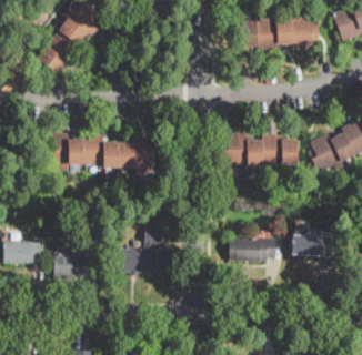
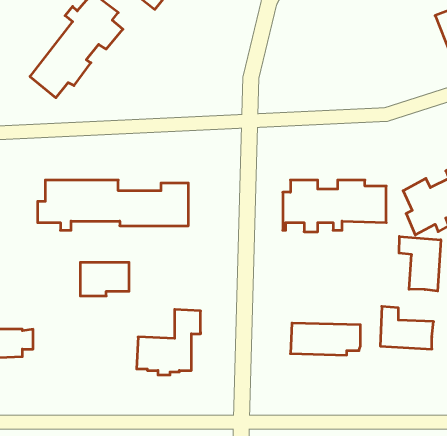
building: [241,13,320,51] -> none
building: none -> [399,236,441,291]
building: [54,254,90,278] -> [80,262,129,296]

